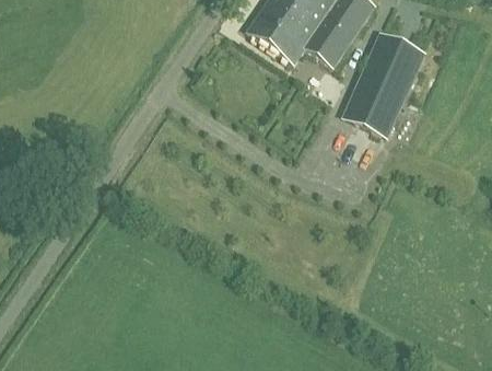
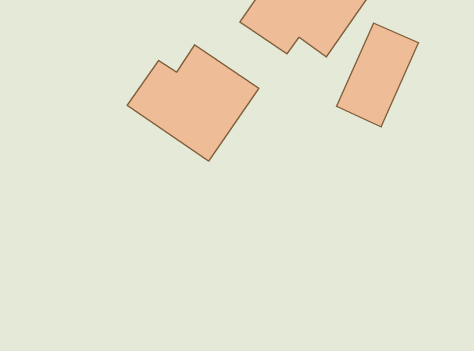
building: none -> [127,45,259,161]

